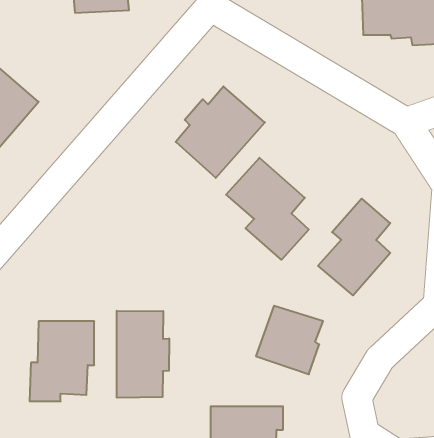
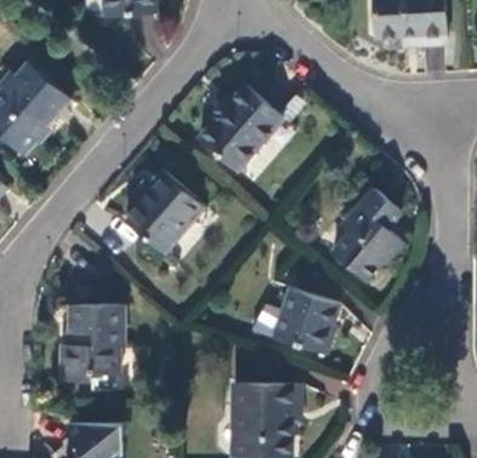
building: [226,158,309,260] -> none
building: none -> [126,171,205,254]
building: [117,311,169,398] -> none

